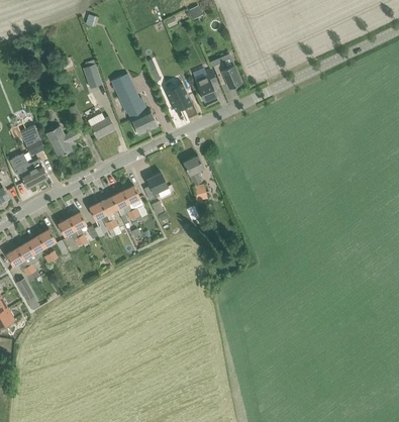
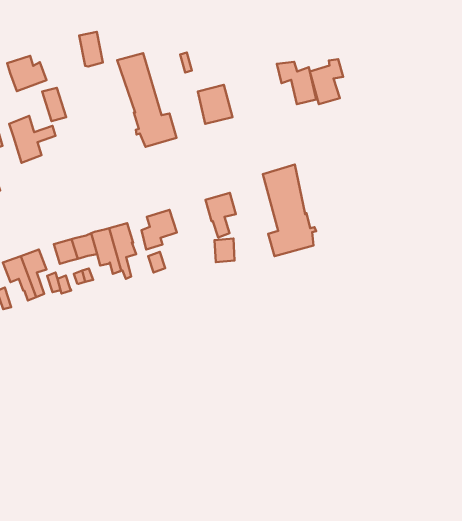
building: [194,70,216,101] -> [310,59,343,104]
building: [87,113,114,137] -> [7,56,46,91]
building: none -> [263,165,316,256]

